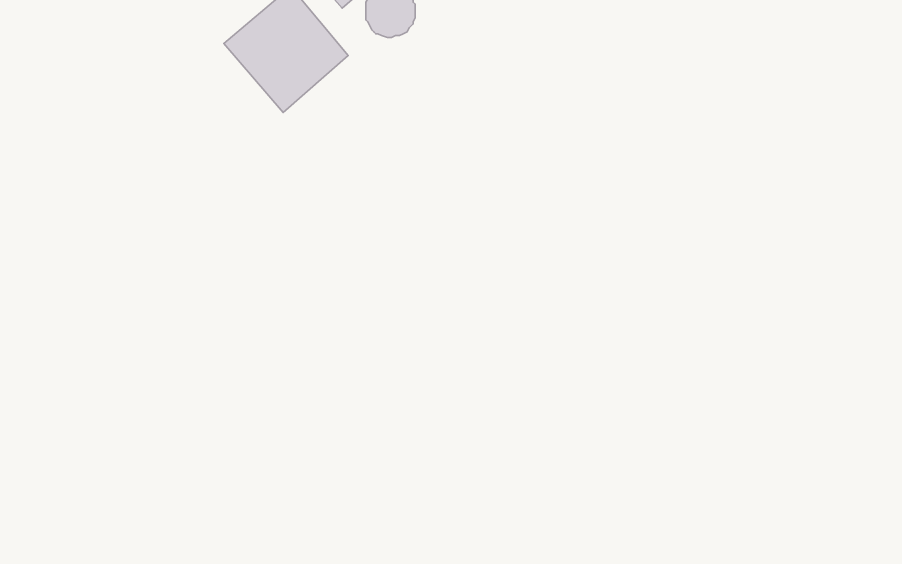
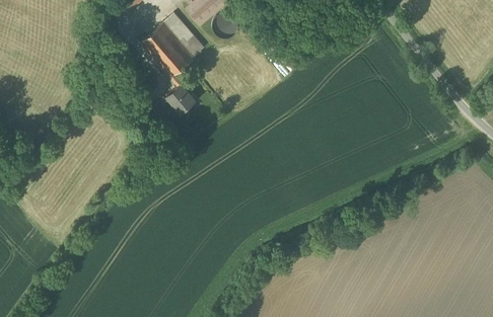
building: none -> [167,84,196,113]

